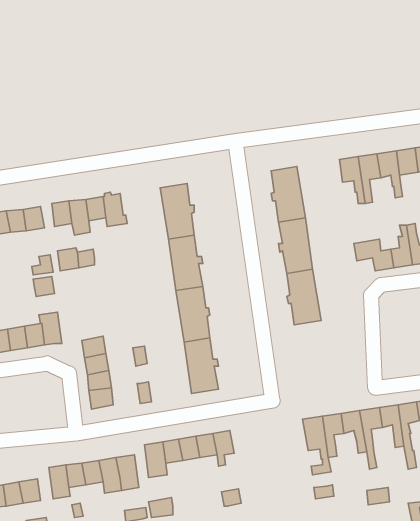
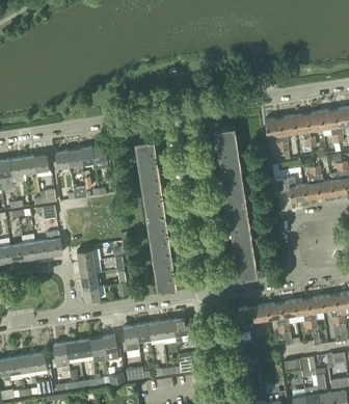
building: none -> [231,238,256,278]

